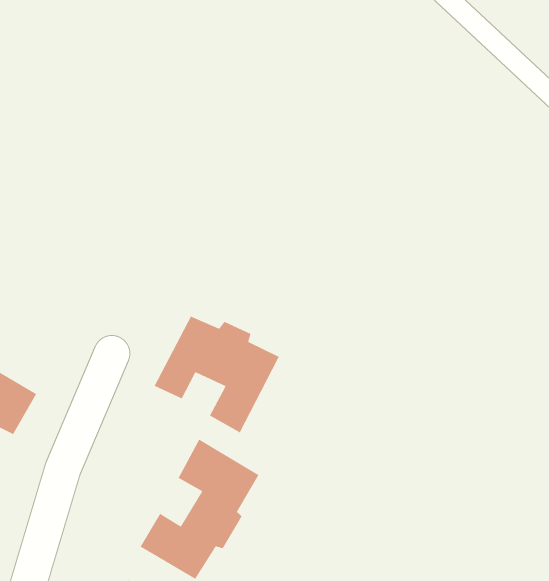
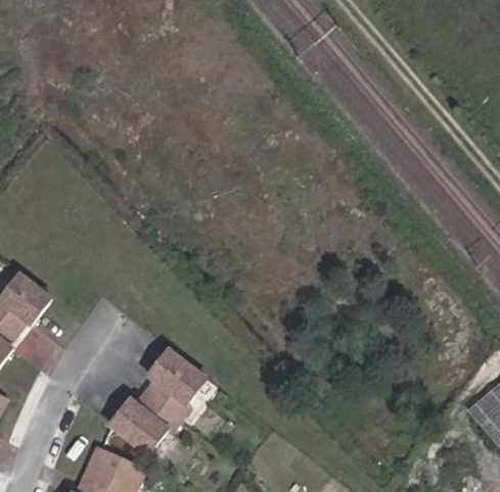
building: [154,316,280,434] -> none

